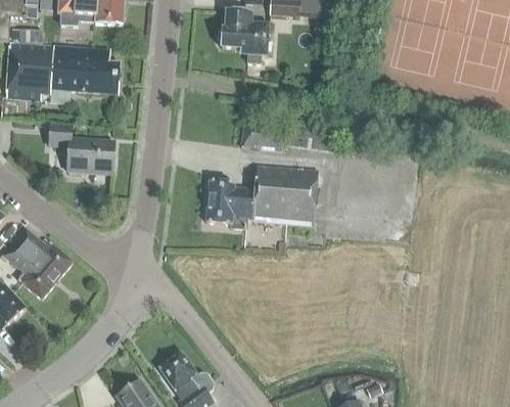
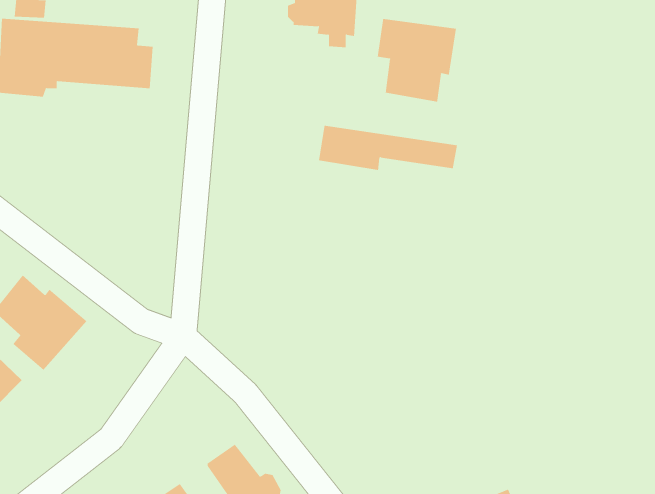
building: none -> [377,18,457,102]
building: [49,124,113,173] -> none
building: [205,165,317,228] -> none

